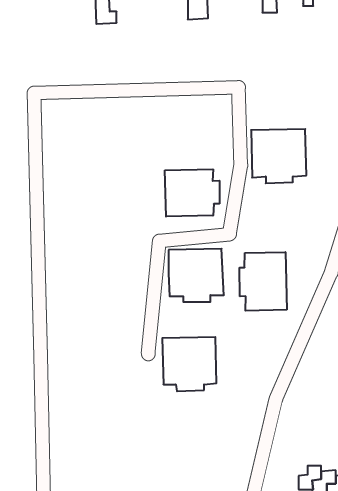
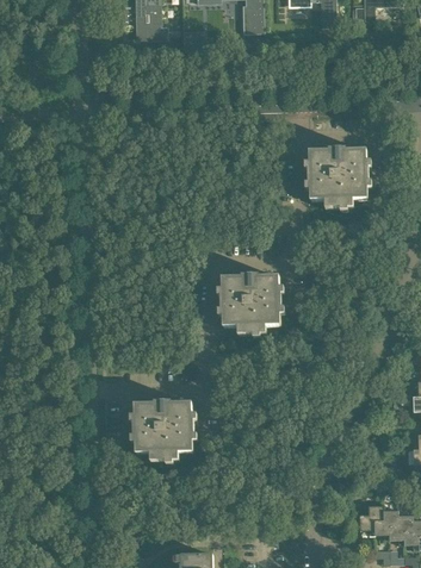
building: [165,169,219,217] -> none
building: [240,252,287,311] -> none
building: [162,337,216,391] -> [134,402,191,460]

